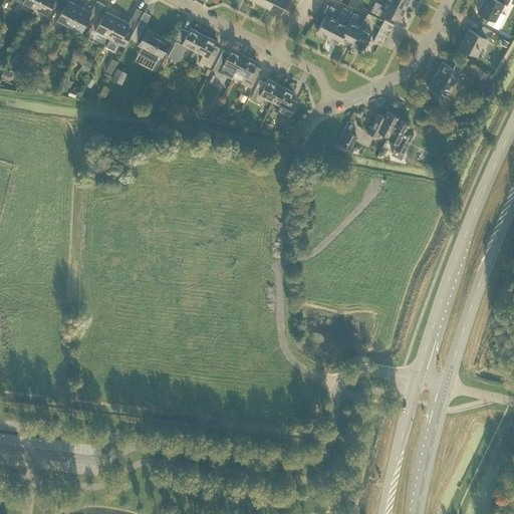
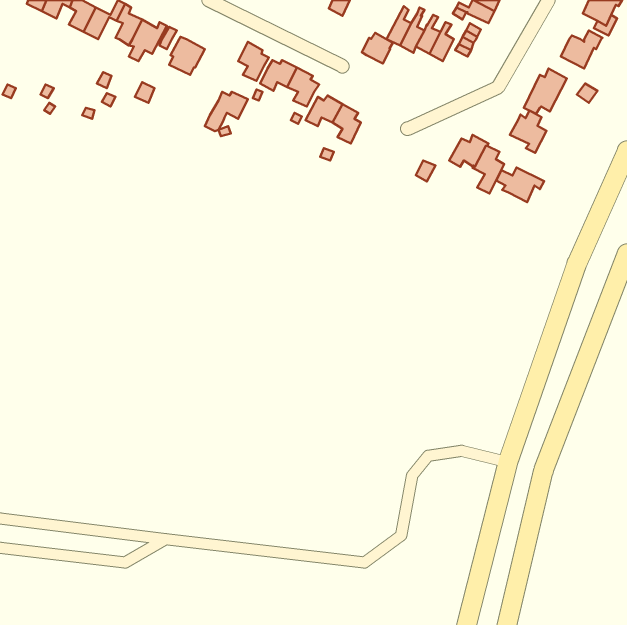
building: none -> [362,33,393,64]
building: [168,29,203,61] -> [205,92,248,131]
building: none -> [510,111,546,153]
building: none -> [496,168,544,202]

